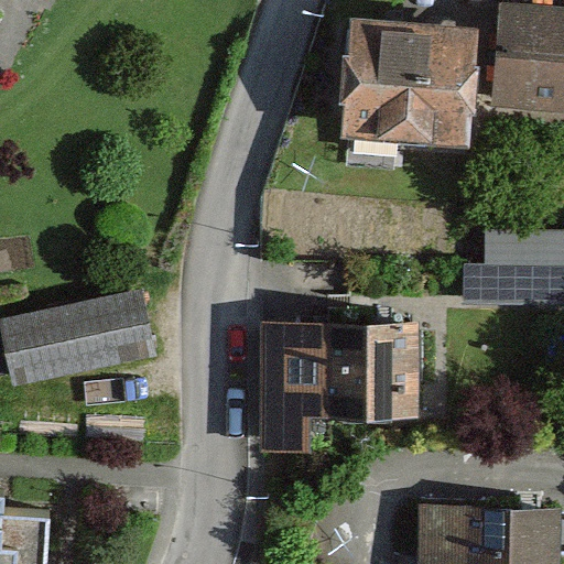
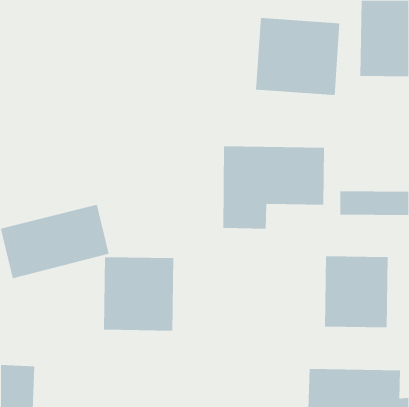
building: [268,329,409,444] -> [222,146,325,229]
building: none -> [324,256,388,328]
building: none -> [103,256,174,331]

